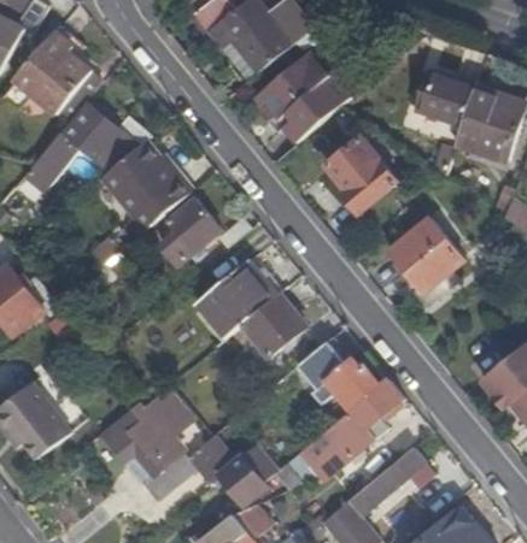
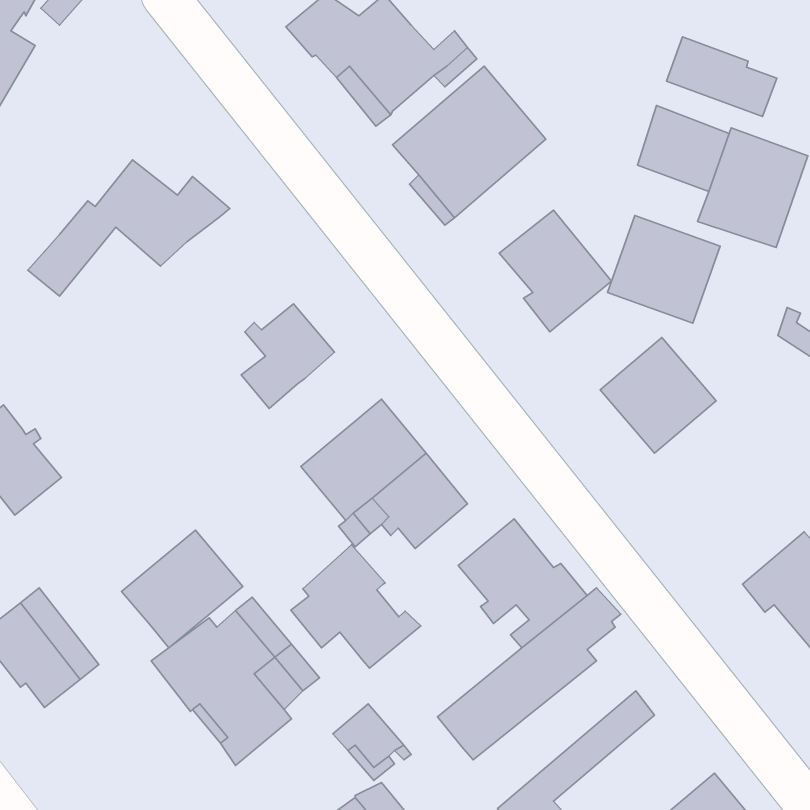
building: none -> [667,37,777,116]
building: [16,33,101,124] -> none
building: none -> [607,216,720,323]
building: [101,142,193,236] -> none
building: none -> [122,530,243,648]
building: none -> [291,545,421,668]

